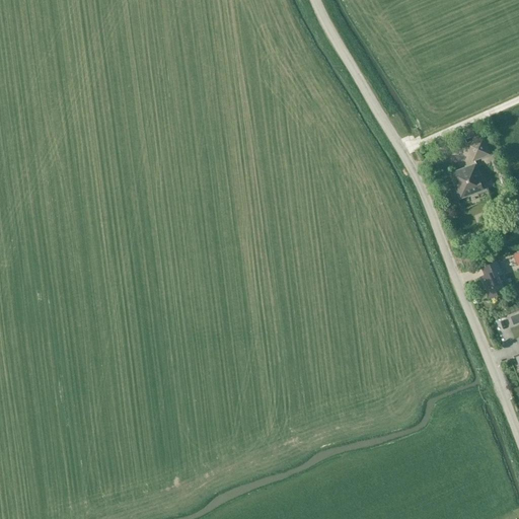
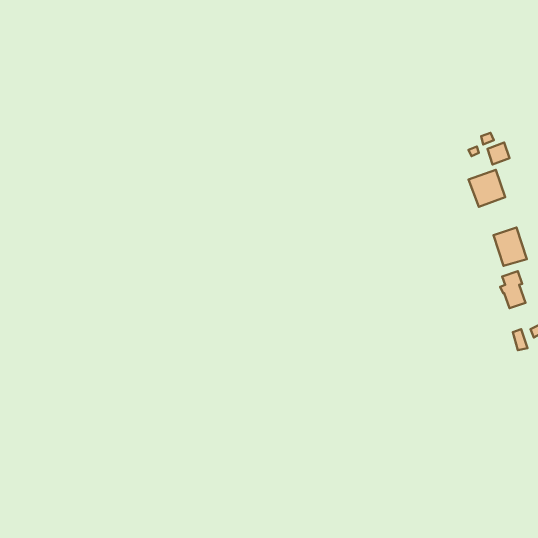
building: none -> [494,228,527,266]

